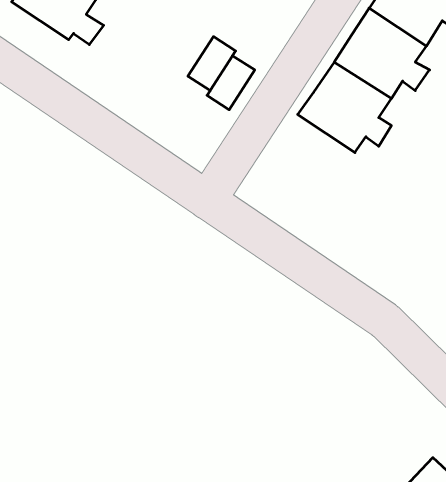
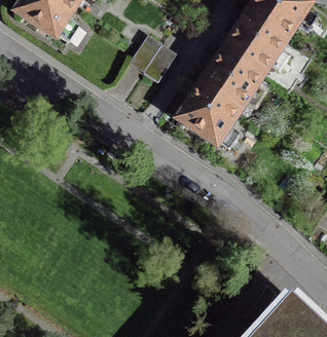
building: none -> [167,77,238,140]

